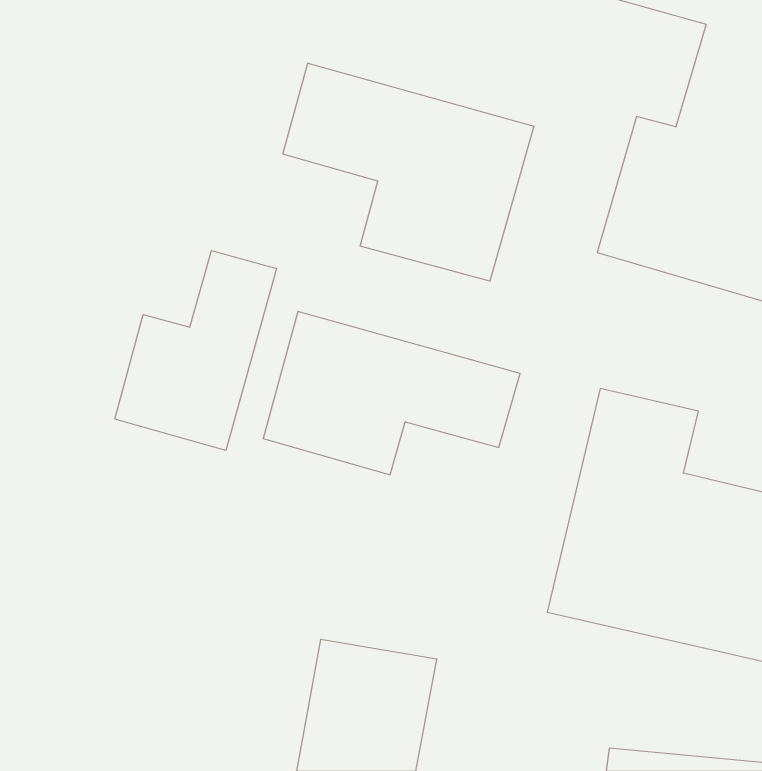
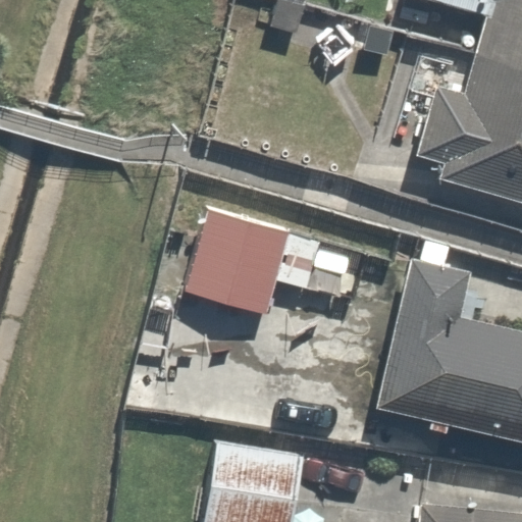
building: [283,63,534,281] -> none
building: [115,251,277,450] -> none

